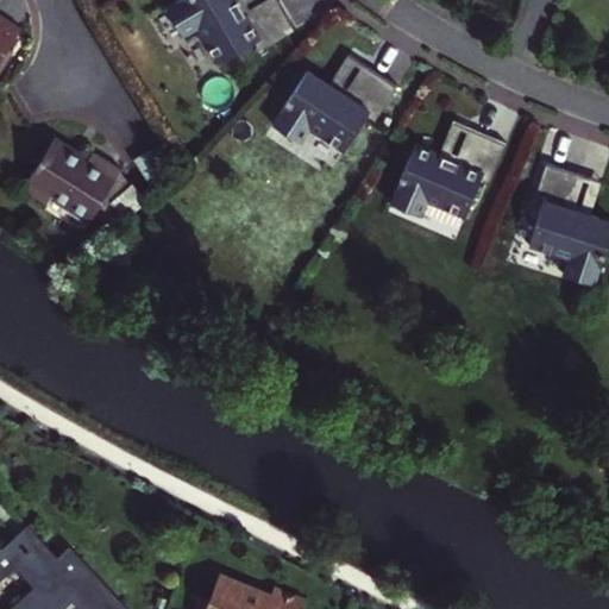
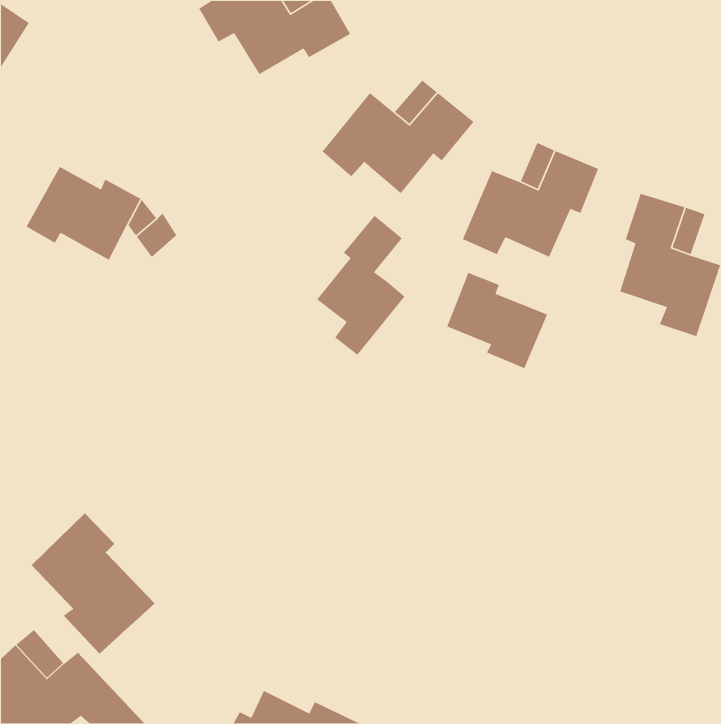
building: none -> [316,215,405,356]
building: none -> [446,272,548,369]
building: none -> [31,513,155,655]

